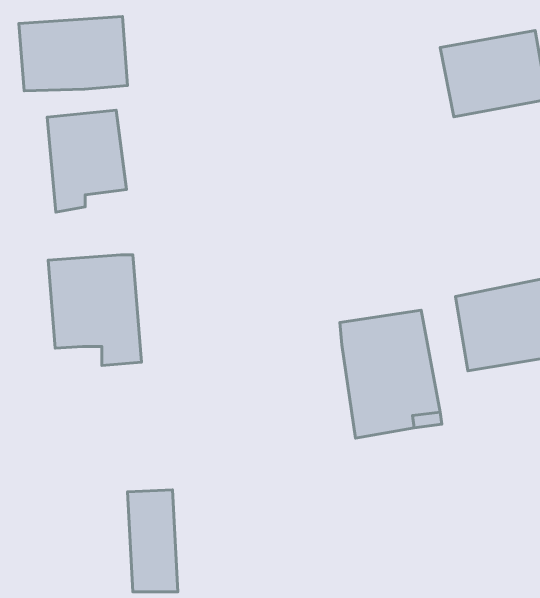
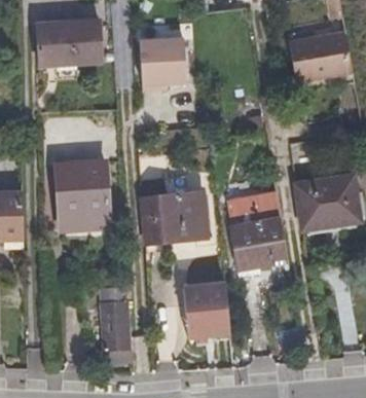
building: [47,110,127,212] -> [137,35,184,96]
building: none -> [143,189,206,242]
building: none -> [173,283,224,340]

